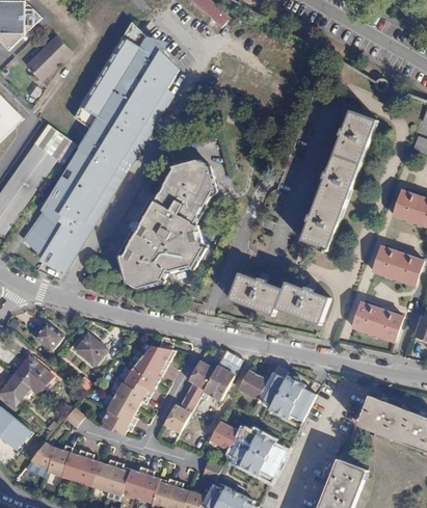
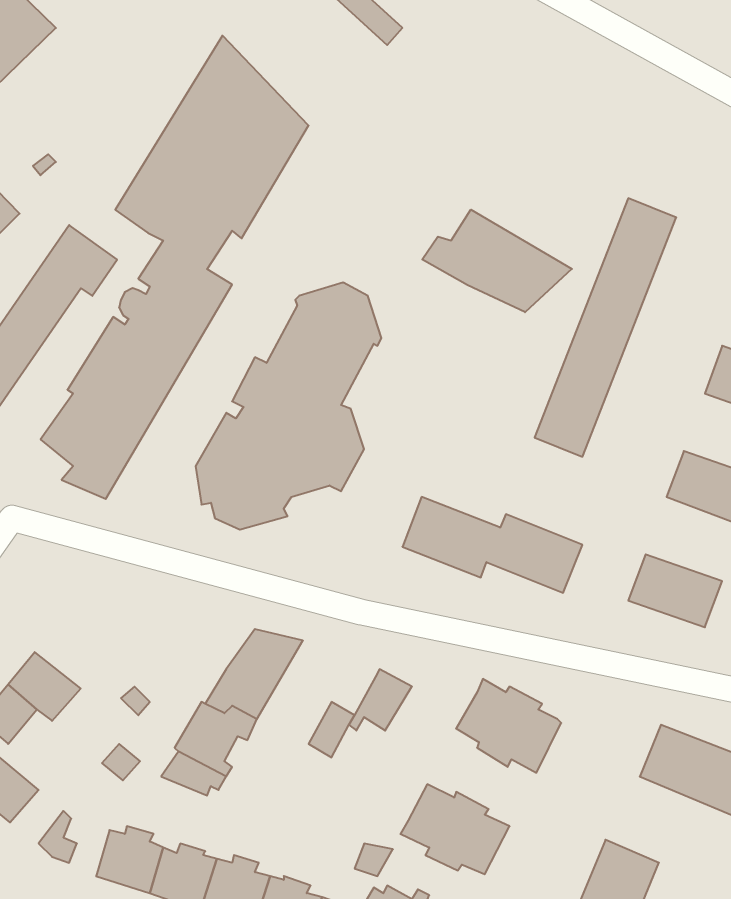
building: [25,35,70,81] -> none
building: none -> [422,210,572,312]
building: [35,321,63,349] -> none
building: [75,332,107,365] -> none
building: [187,362,214,391] -> none
building: [237,370,269,400] -> none
building: [162,404,190,433] -> none
building: [209,418,242,448] -> none
building: [45,445,72,478] -> none

